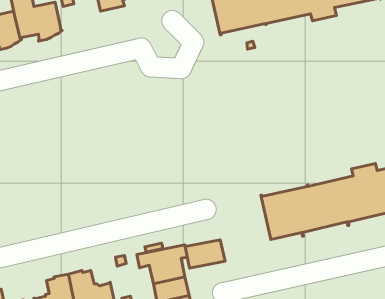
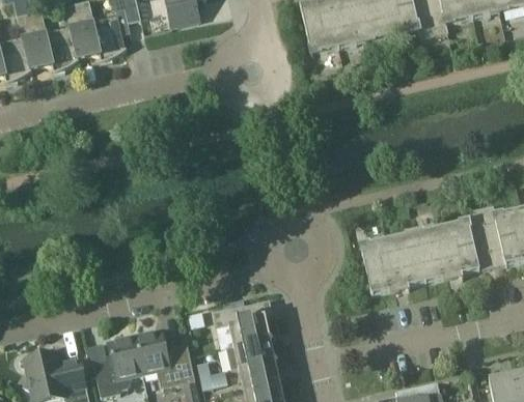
building: [185,240,225,268] -> none

